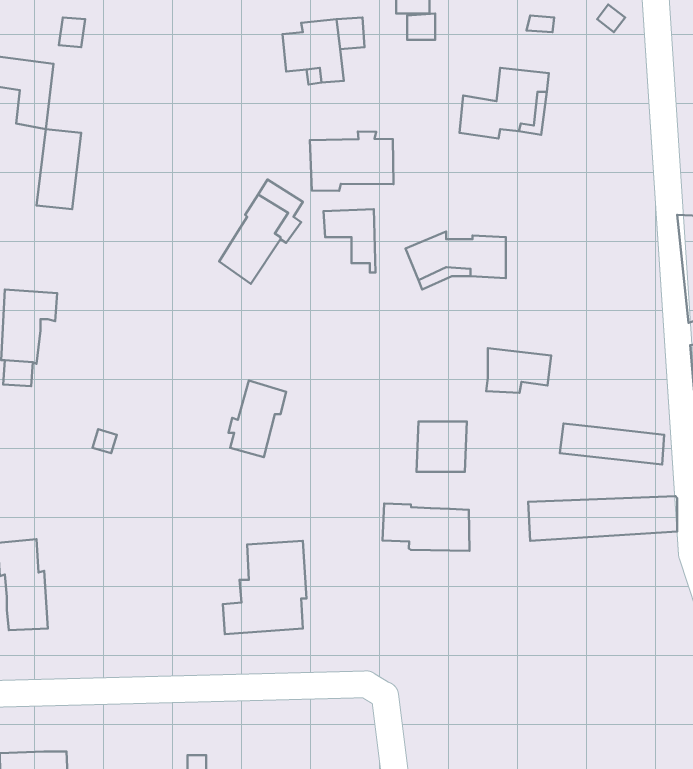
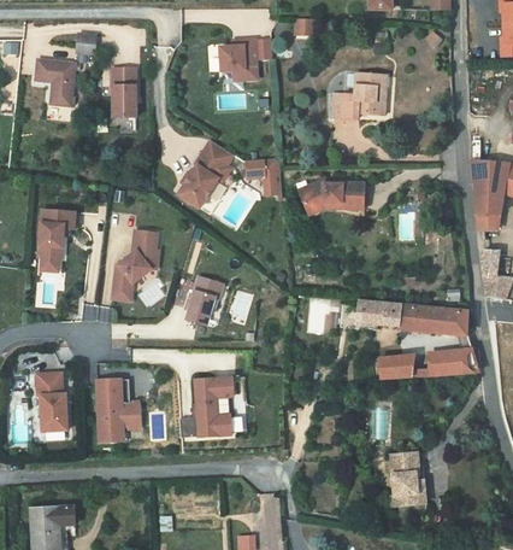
building: [37,129,81,209] -> [101,66,130,118]
building: [310,132,394,191] -> none
building: none -> [112,232,158,293]
building: [486,348,551,393] -> [359,297,401,326]
building: [383,503,469,551] -> none
building: none -> [96,380,140,440]
building: none -> [391,447,426,502]

